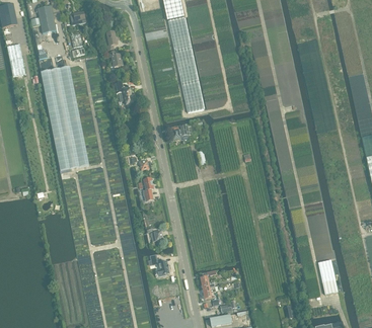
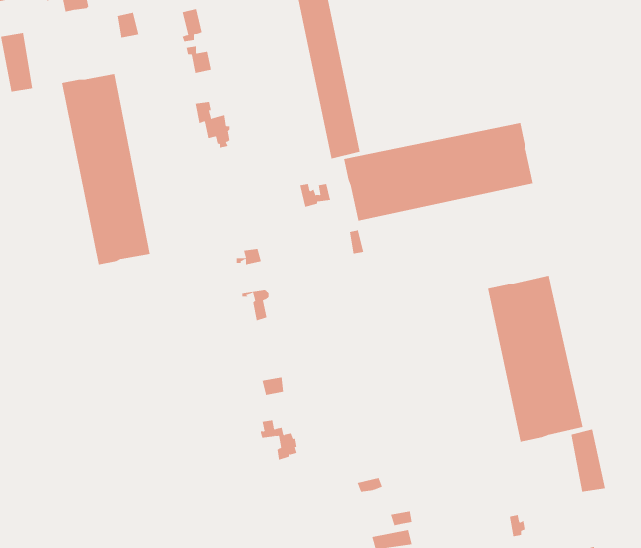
building: none -> [343,122,533,221]
building: none -> [488,275,583,443]

